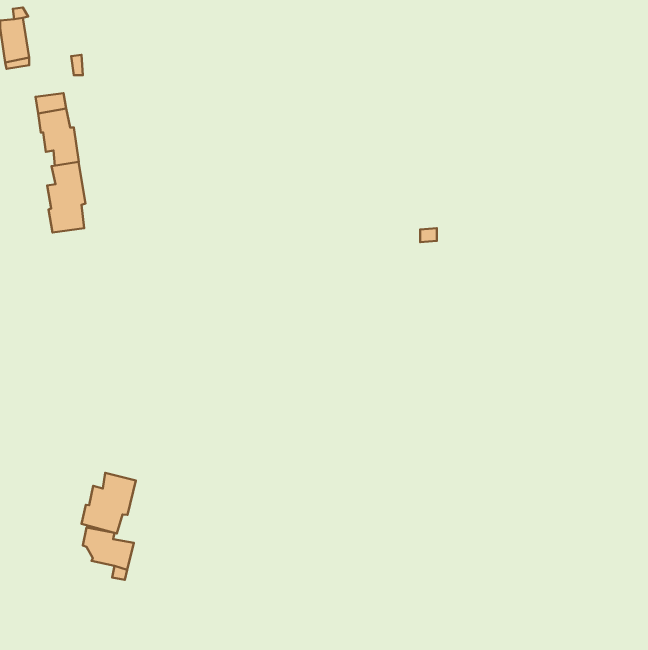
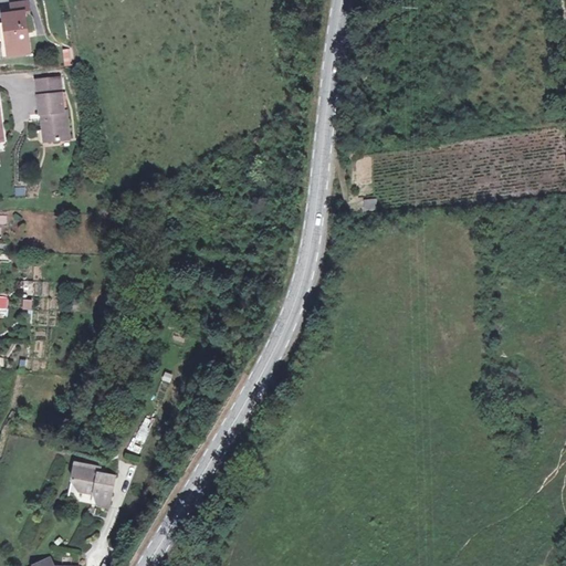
building: [47,162,85,232] -> none
building: [82,473,136,533] -> none

